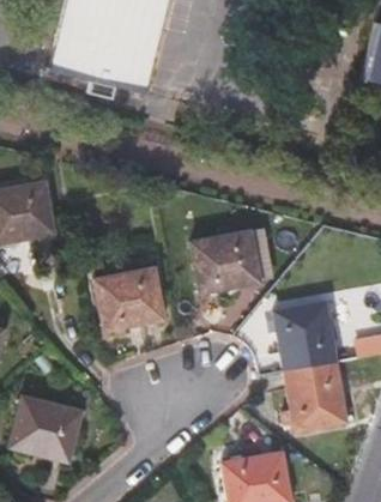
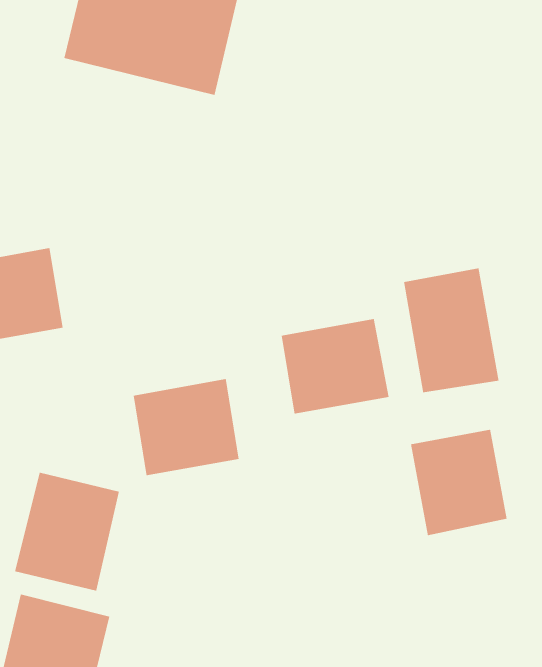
building: none -> [403,267,499,393]
building: none -> [15,472,120,591]
building: [285,357,349,428] -> none

